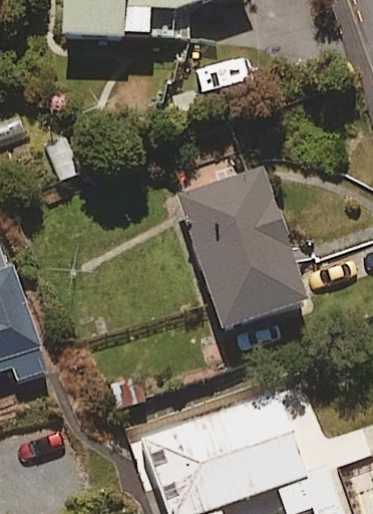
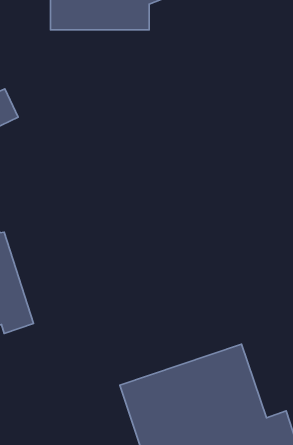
building: [175,166,305,329] -> none

